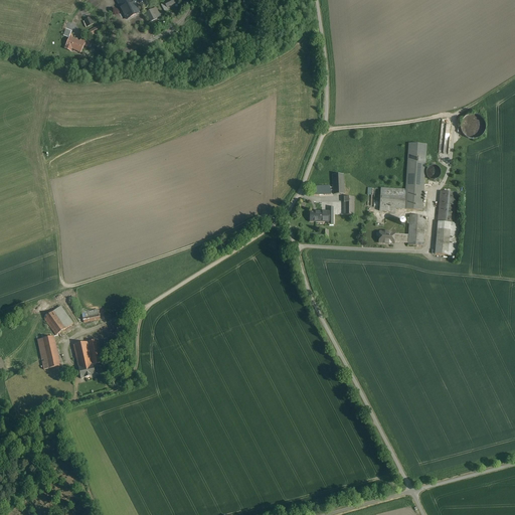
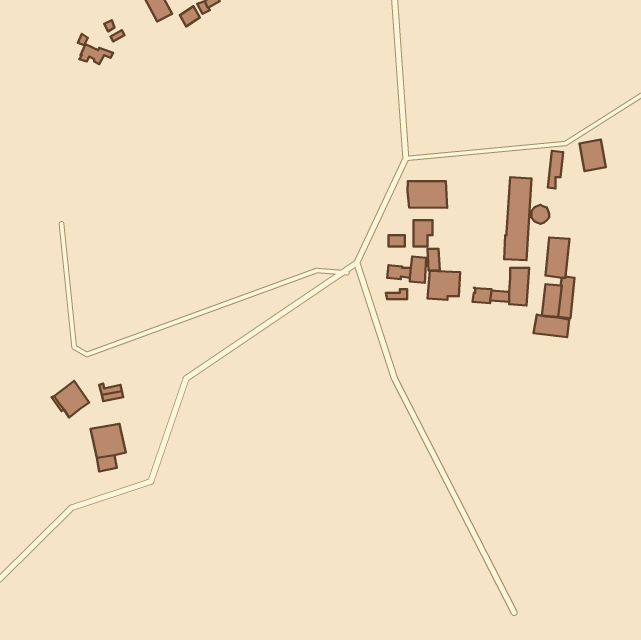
building: none -> [408,181,447,208]
building: [378,187,404,210] -> [427,271,460,300]
building: none -> [534,315,569,337]
building: [37,335,59,367] -> none

